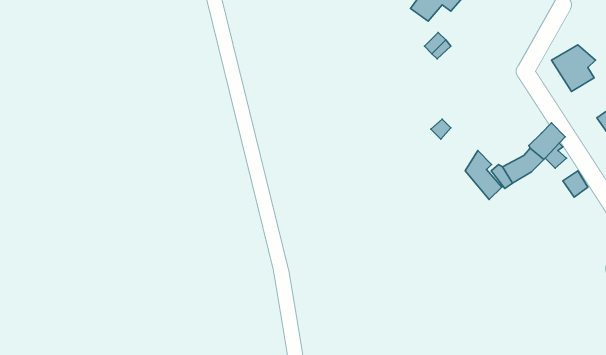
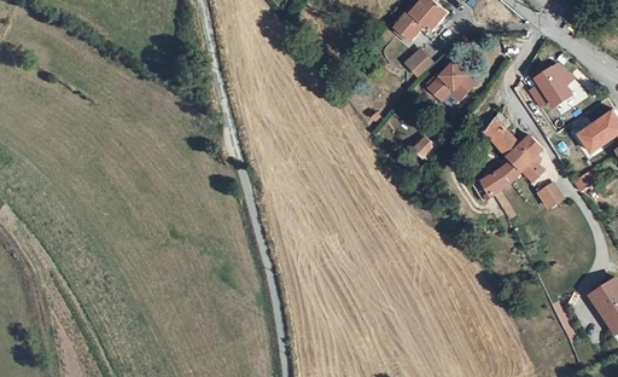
building: none -> [426,63,473,102]
building: [465,151,502,200] -> [485,112,520,159]

